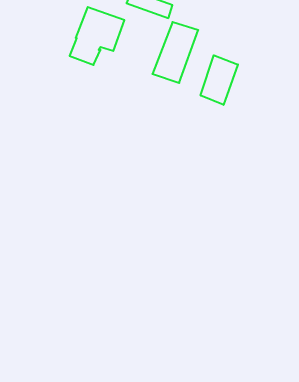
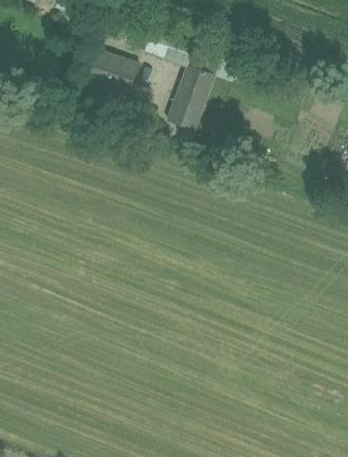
building: [201,55,238,105] -> none

